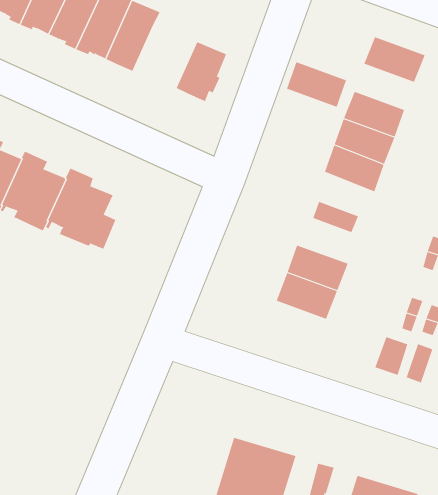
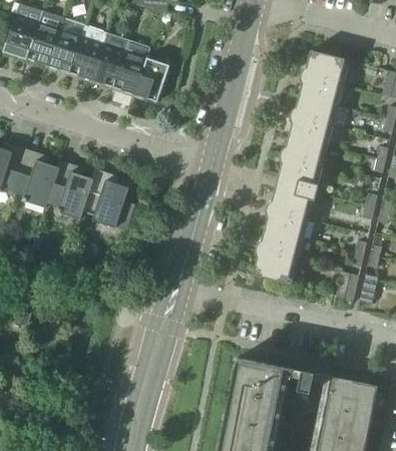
building: [176,42,227,102] -> [133,57,168,101]
building: [286,61,347,108] -> [299,70,343,101]
building: none -> [277,153,322,184]
building: none -> [268,187,313,219]
building: none -> [252,253,296,284]

